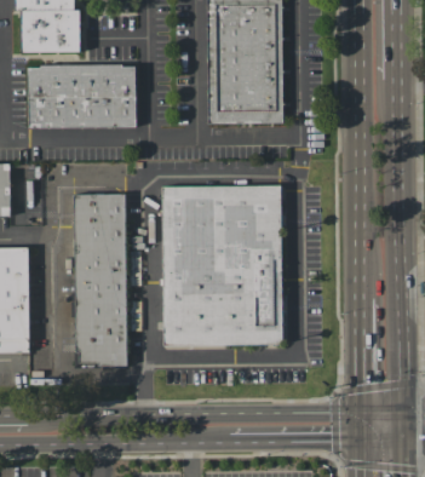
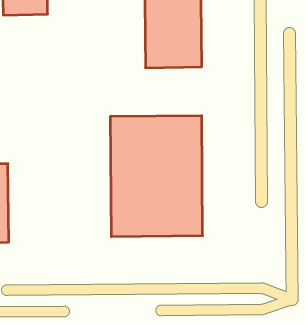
building: [29,64,137,127] -> none
building: [74,194,127,364] -> none

